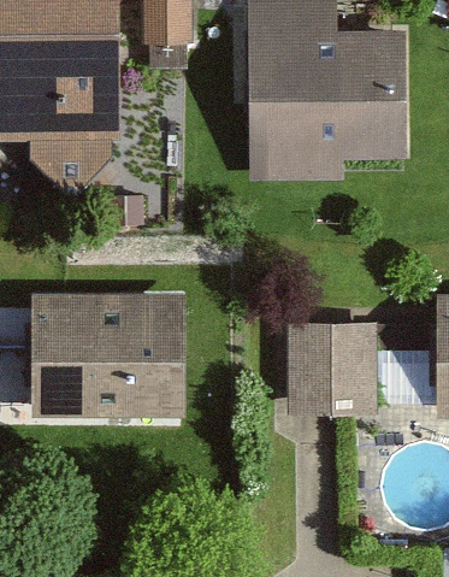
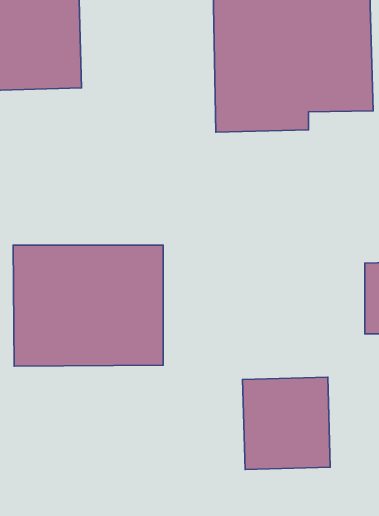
building: [302,323,390,416] -> [243,377,330,469]

